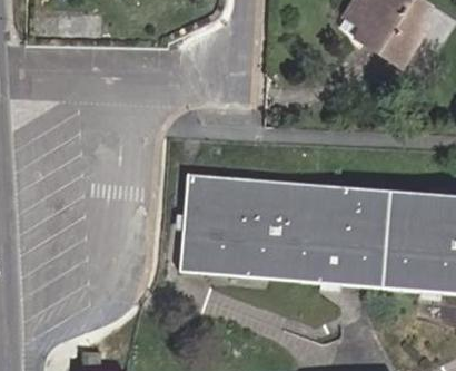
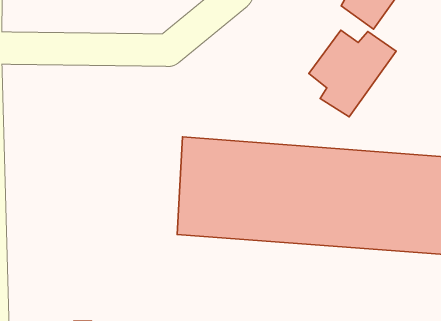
building: none -> [309,30,396,117]

